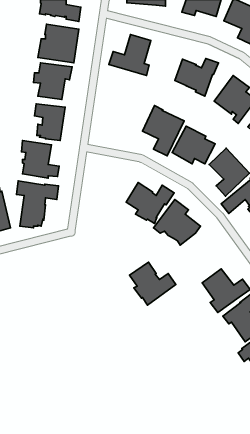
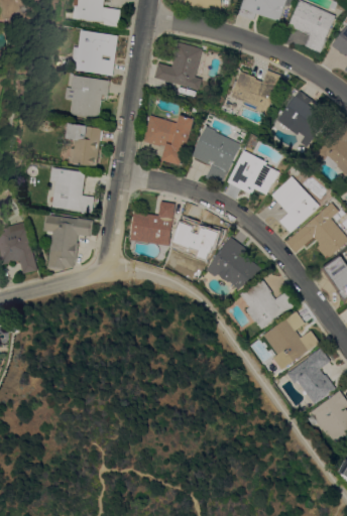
building: none -> [143,114,195,164]
building: none -> [130,202,175,245]
building: [130,262,176,305] -> [240,278,295,329]

